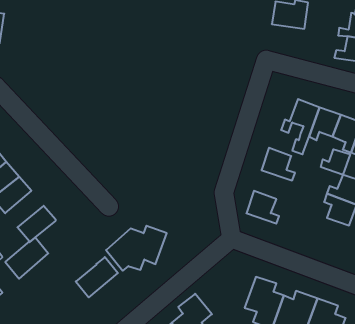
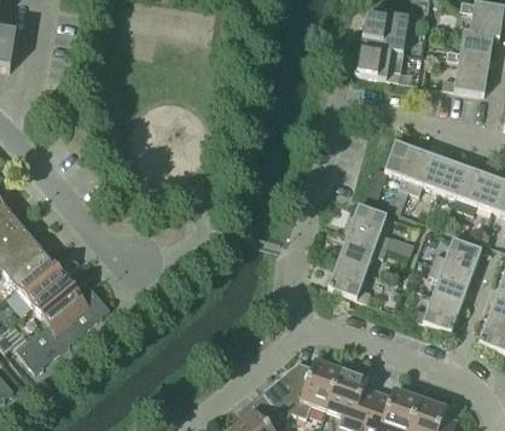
building: none -> [356,43,404,80]
building: [321,149,350,175] -> none
building: none -> [338,232,388,269]
building: none -> [17,258,66,305]
building: none -> [412,293,462,332]
building: [106,226,167,271] -> [262,360,341,418]
building: [76,257,118,297] -> [56,287,110,339]

